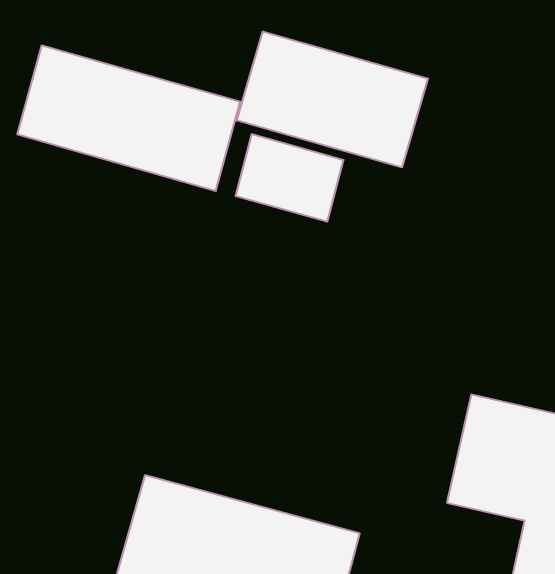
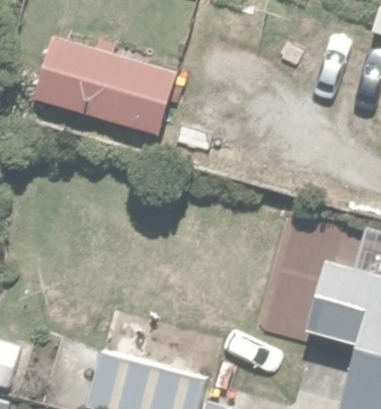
building: [237,31,428,167] -> none

